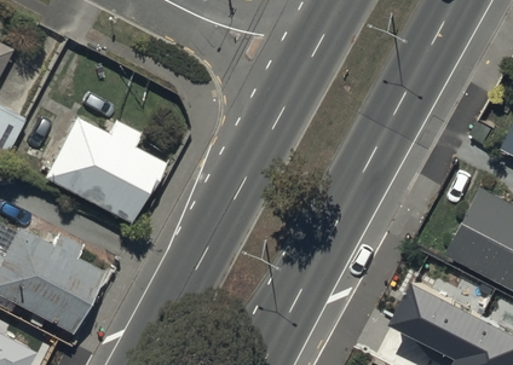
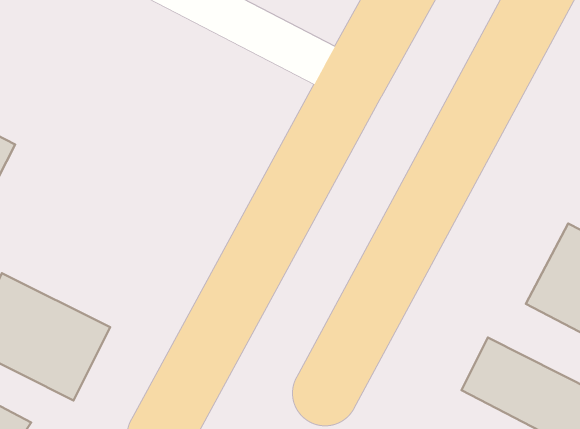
building: [41,116,165,226] -> none

